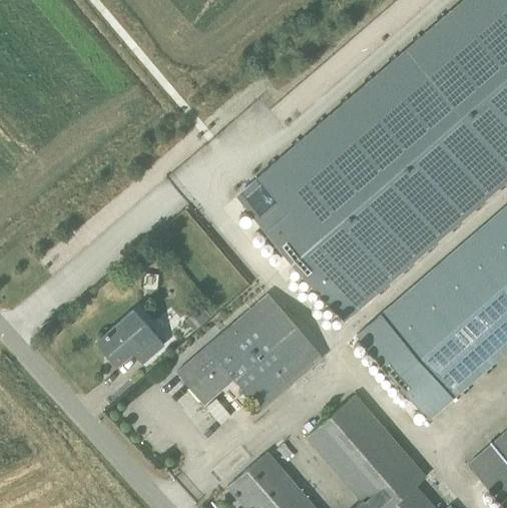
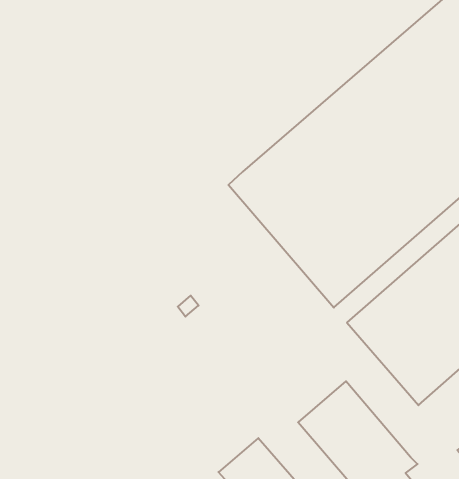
building: [177,294,323,410] -> none
building: [96,310,164,366] -> none

